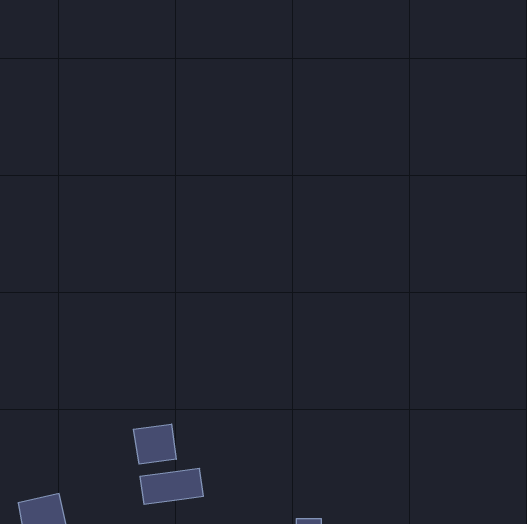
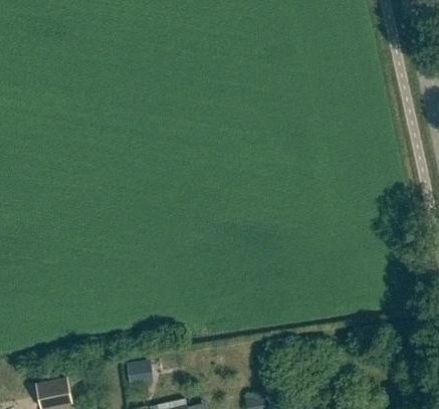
building: [133,424,176,464] -> none

